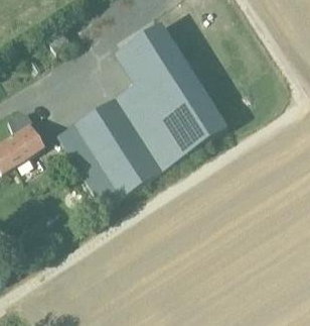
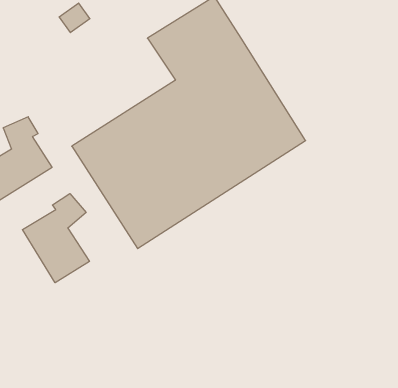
building: none -> [22,194,89,283]

